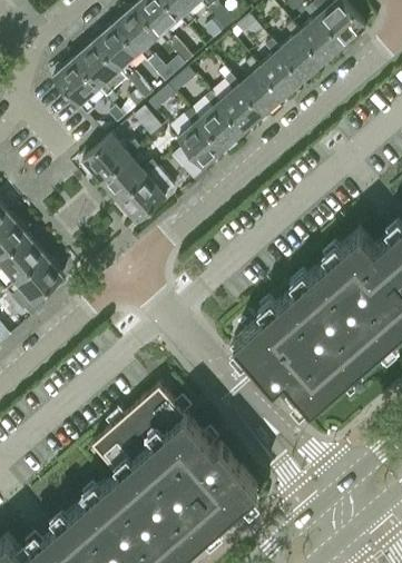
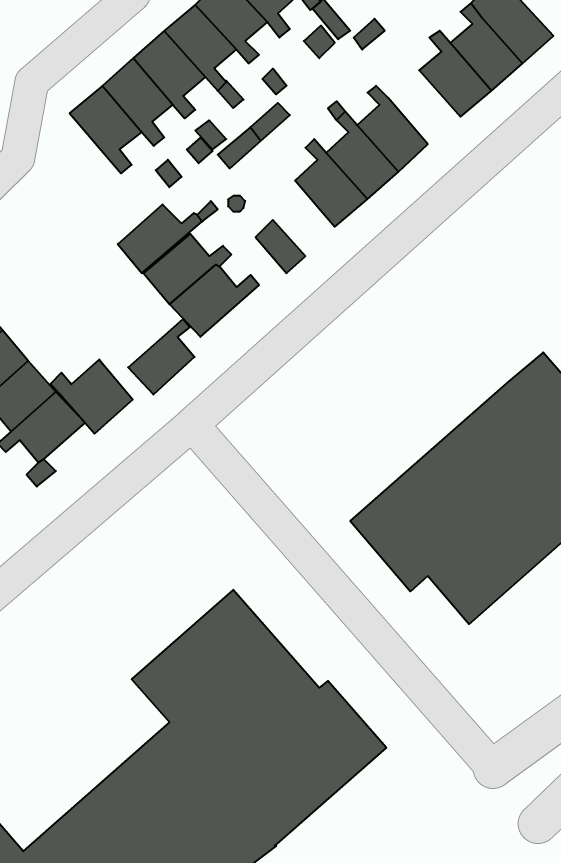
building: [259,41,306,97] -> none
building: [178,111,225,168] -> none
building: none -> [128,319,195,395]
building: none -> [51,359,133,434]

